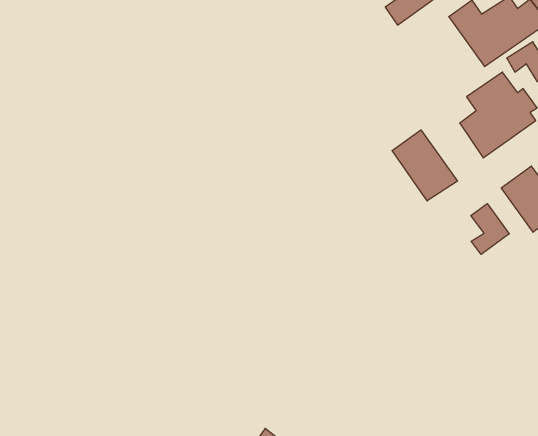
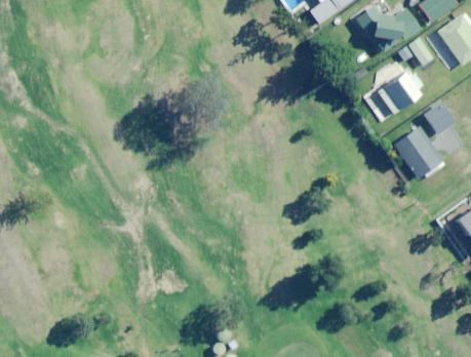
building: [392,130,458,201] -> none
building: [471,204,509,254] -> none

